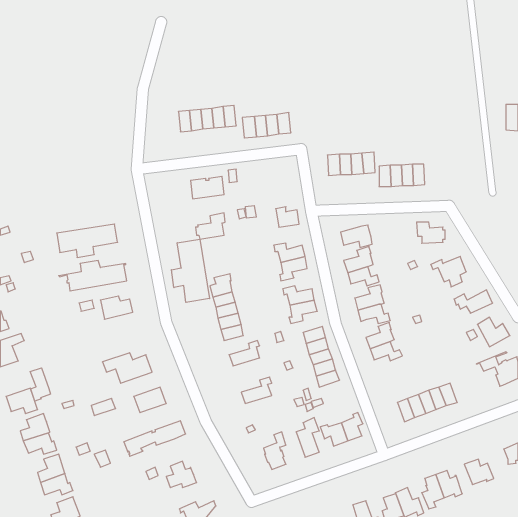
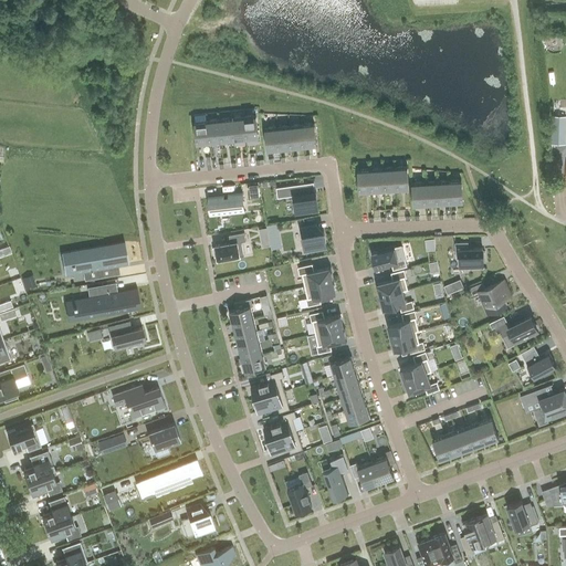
building: none -> [276,185,317,212]
building: [171,239,210,302] -> none
building: none -> [254,391,289,413]
building: [30,368,50,401] -> none
building: none -> [268,432,302,454]

